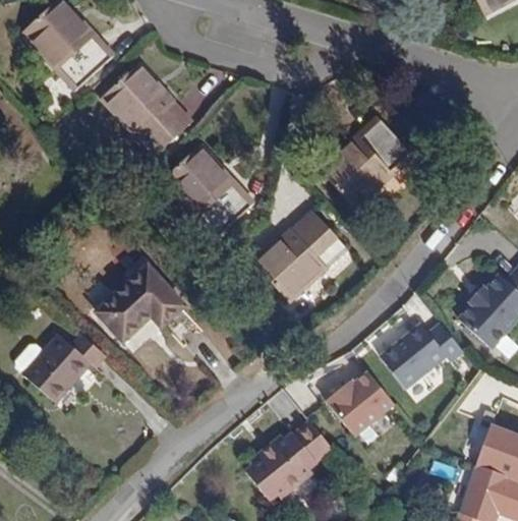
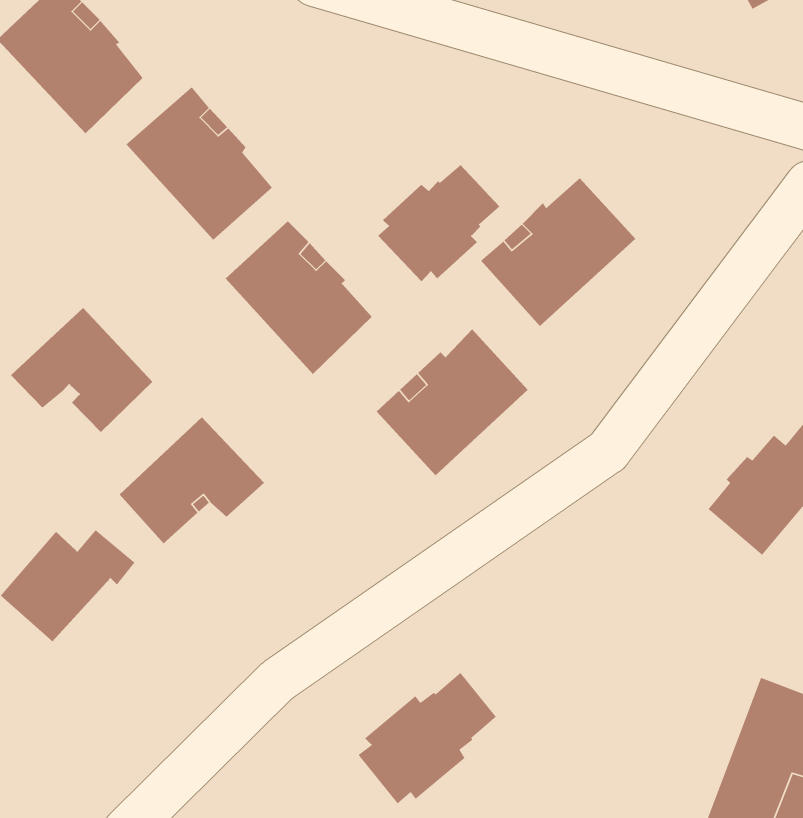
building: none -> [377,164,500,282]
building: none -> [10,307,153,433]
building: [382,313,468,397] -> none
building: [327,366,398,437] -> none

